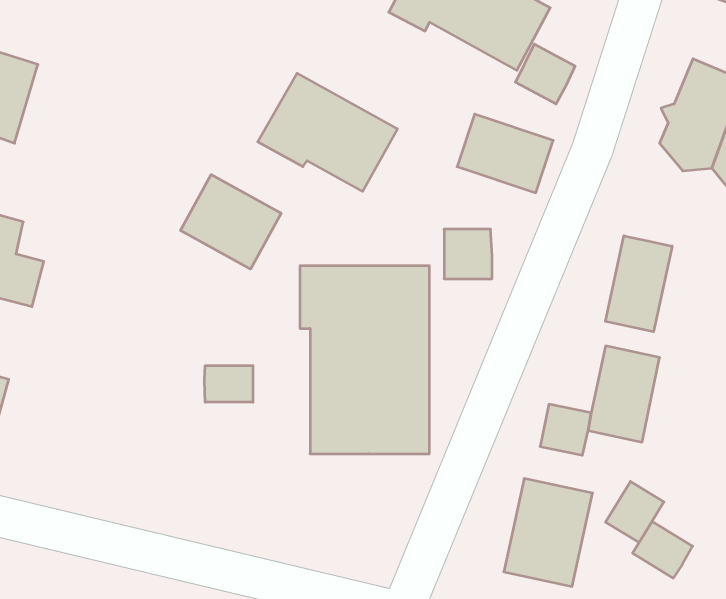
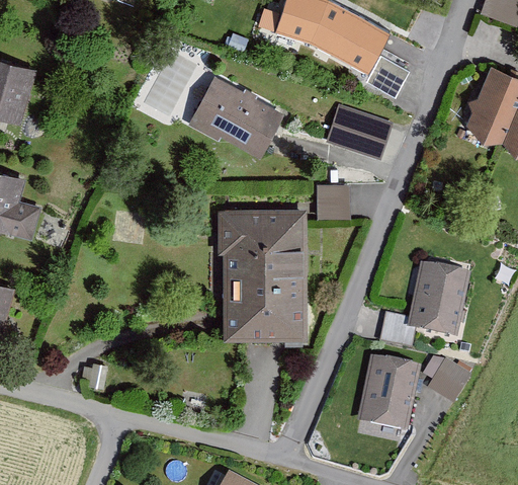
building: [181,175,281,269] -> none
building: [605,236,672,332] -> none
building: [204,366,253,402] -> none
building: [633,521,693,578] -> none

